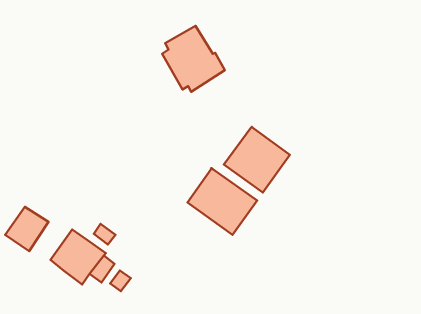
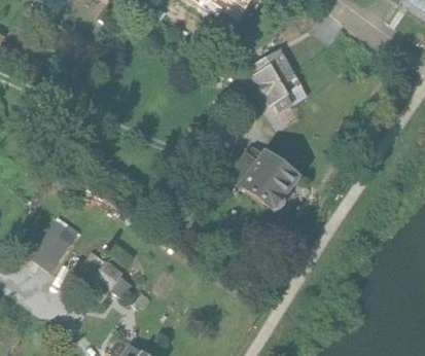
building: [162,26,225,92] -> [248,47,308,110]
building: [188,168,257,235] -> none

